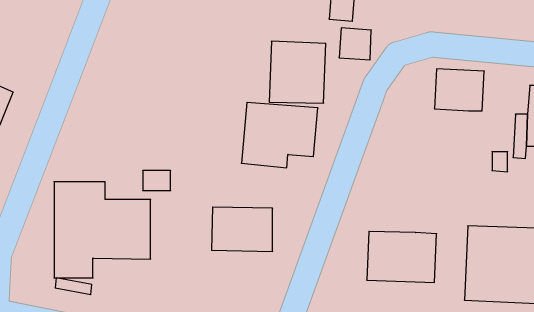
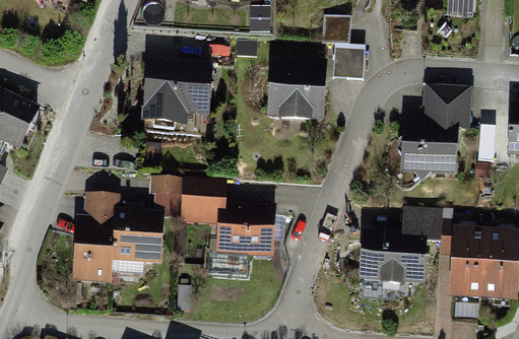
building: [241,102,318,168] -> [141,62,211,122]
building: none -> [402,121,453,174]
building: none -> [184,178,224,209]
building: none -> [404,207,440,238]

